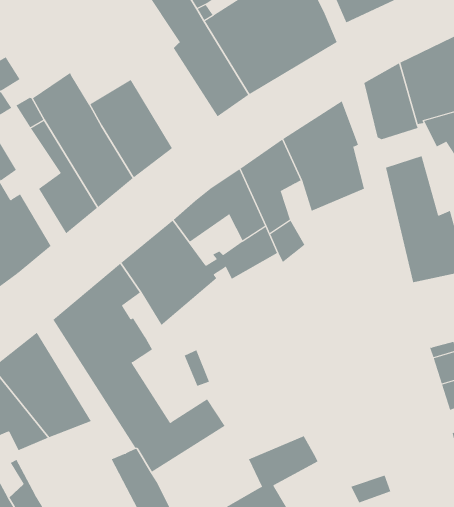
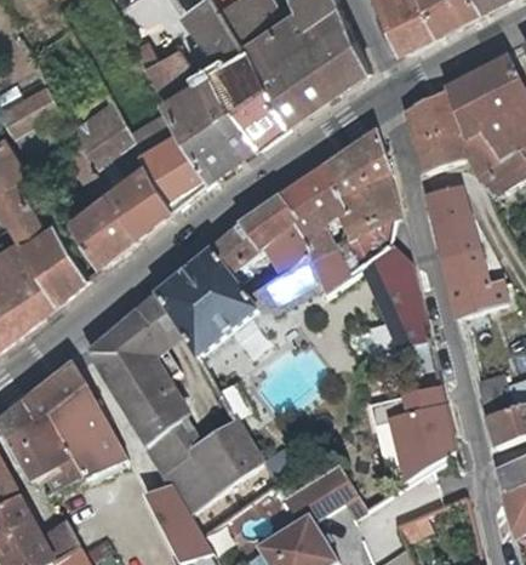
building: none -> [136,50,256,179]
building: none -> [367,250,434,350]
building: none -> [389,390,465,483]

